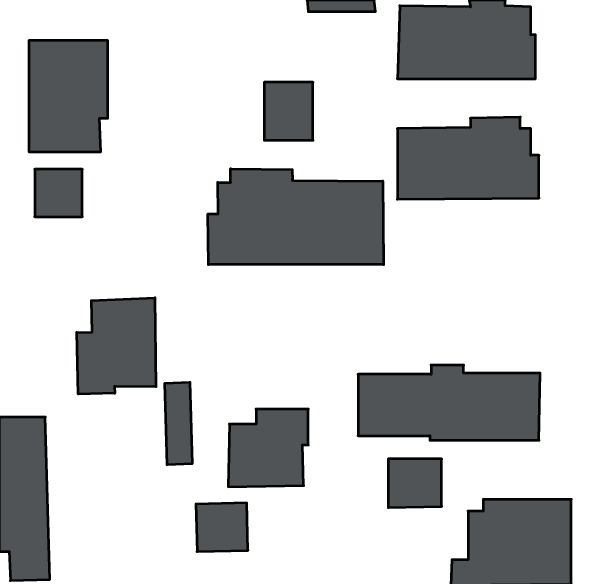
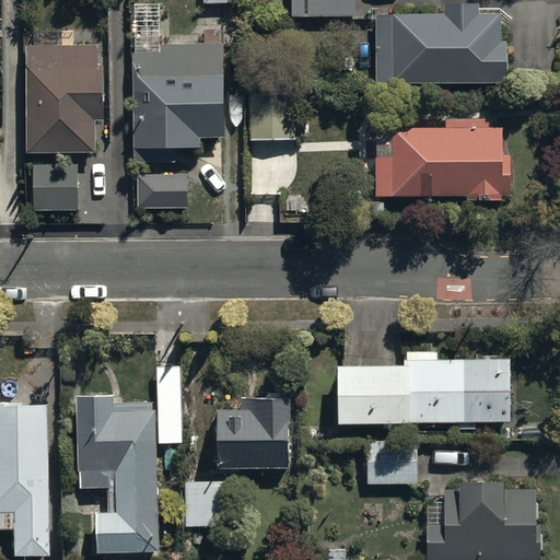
building: none -> [133,46,223,164]
building: [208,169,384,265] -> none
building: none -> [137,182,187,215]
building: [77,298,156,394] -> none
building: none -> [77,394,158,550]

